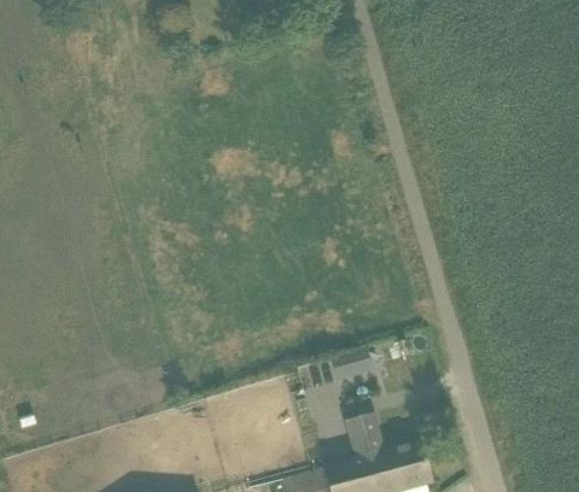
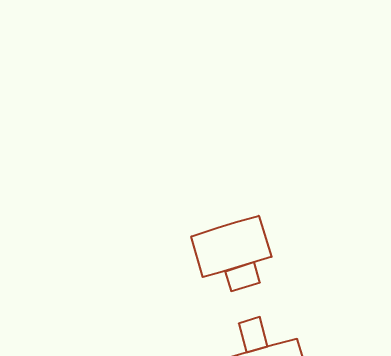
building: none -> [191,216,272,277]

